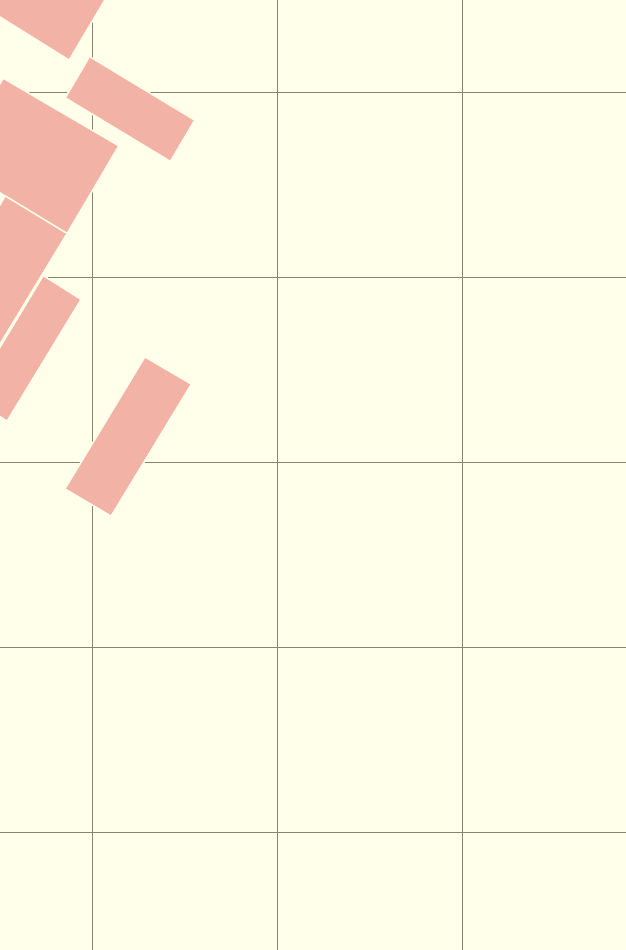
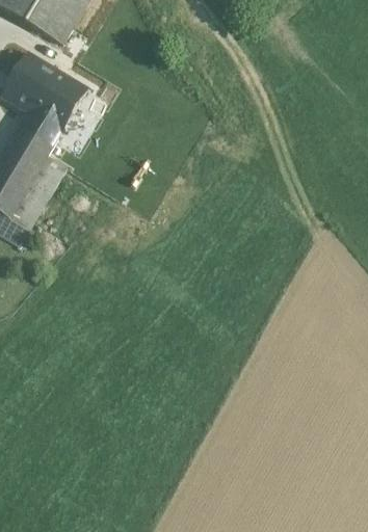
building: [65,57,195,161] -> none
building: [65,357,191,516] -> none

